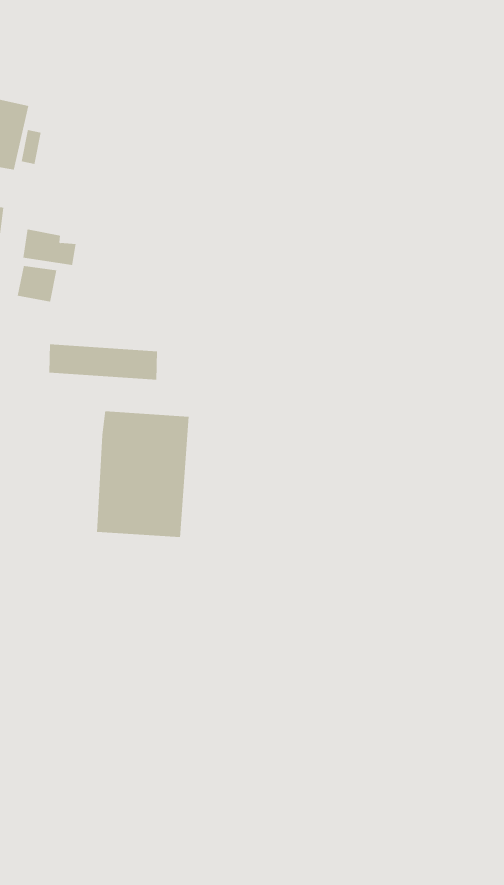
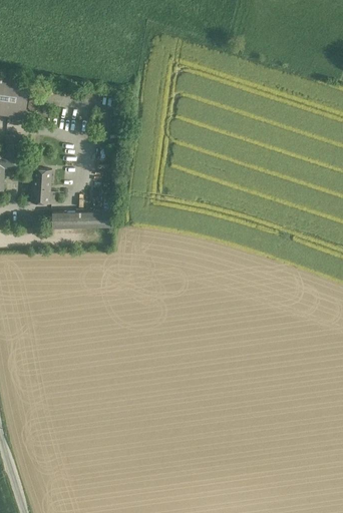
building: [23,229,76,266] -> [29,186,58,204]
building: [96,411,189,538] -> none

